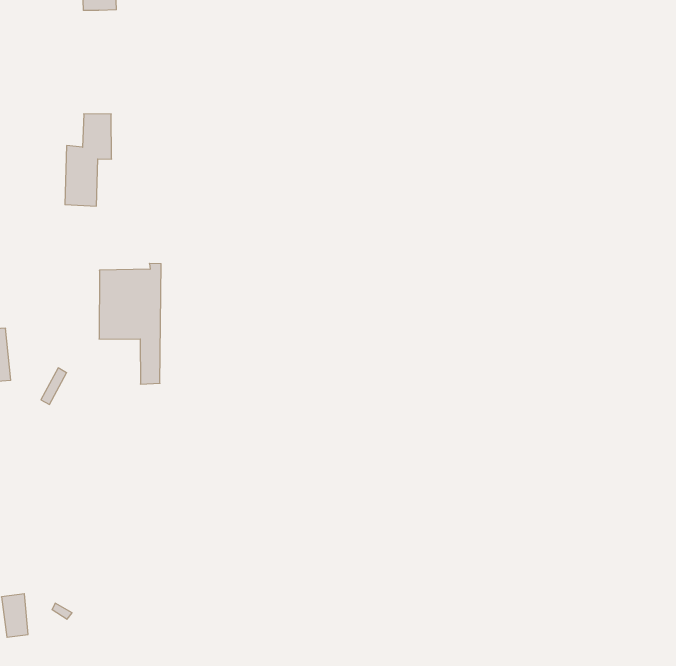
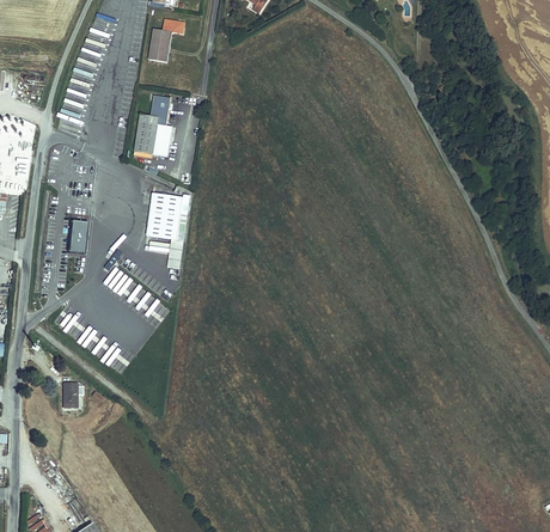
building: none -> [148,30,171,63]

